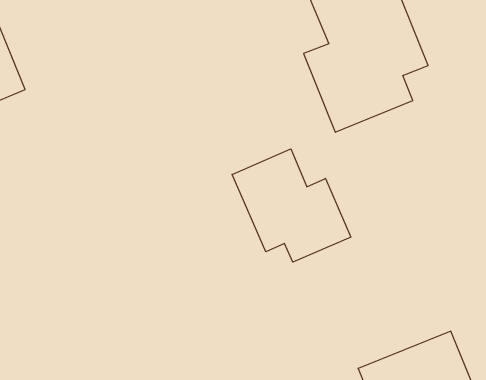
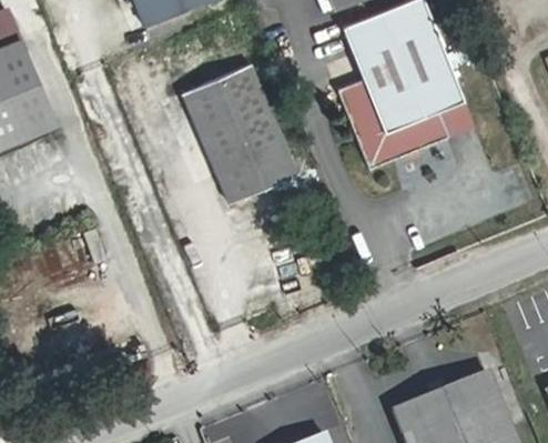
building: none -> [185,68,300,207]
building: [232,149,351,262] -> none

